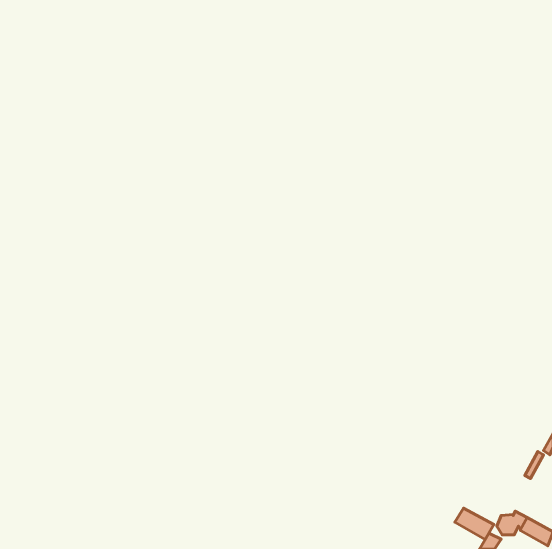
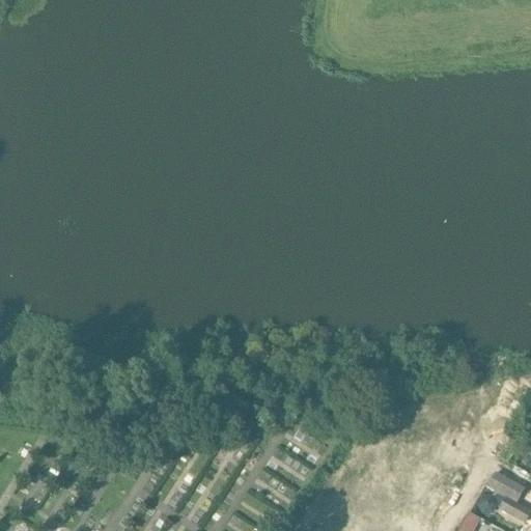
building: [455,508,494,539] -> [488,471,526,501]

